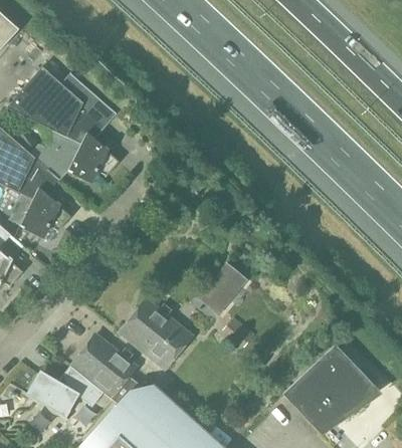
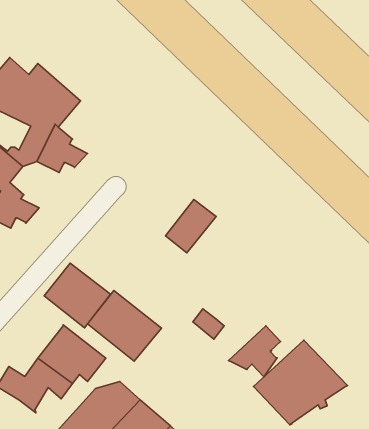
building: [197,262,247,315] -> [166,199,216,253]
building: none -> [44,263,110,328]
building: none -> [228,326,281,377]

